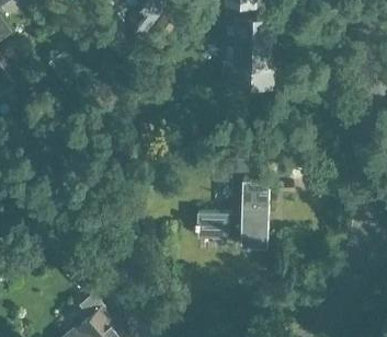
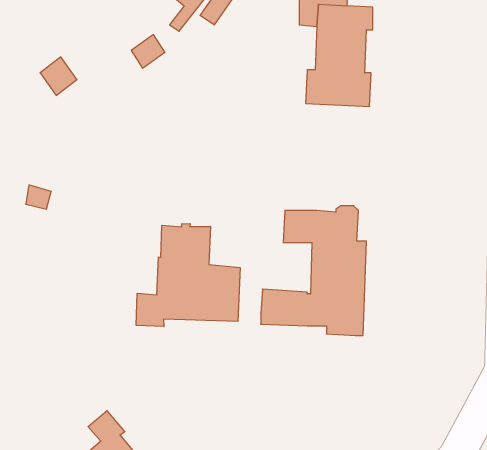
building: none -> [136,224,240,327]

